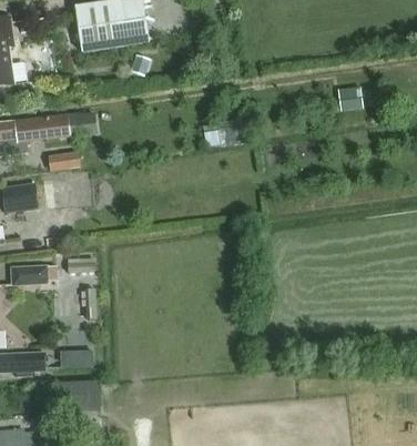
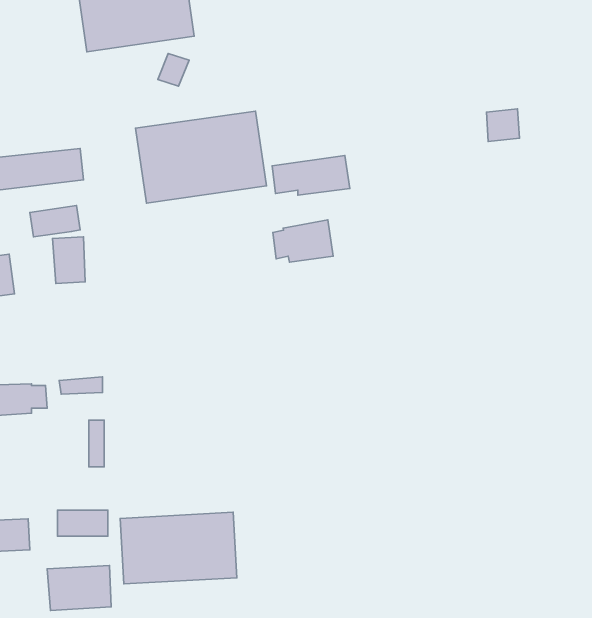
building: none -> [136,111,267,203]
building: none -> [273,220,333,262]
building: none -> [120,512,237,584]

